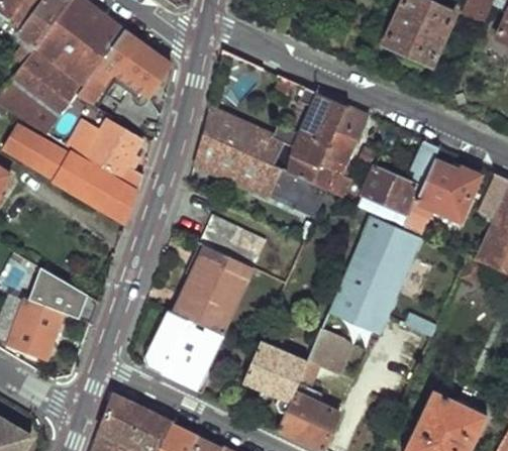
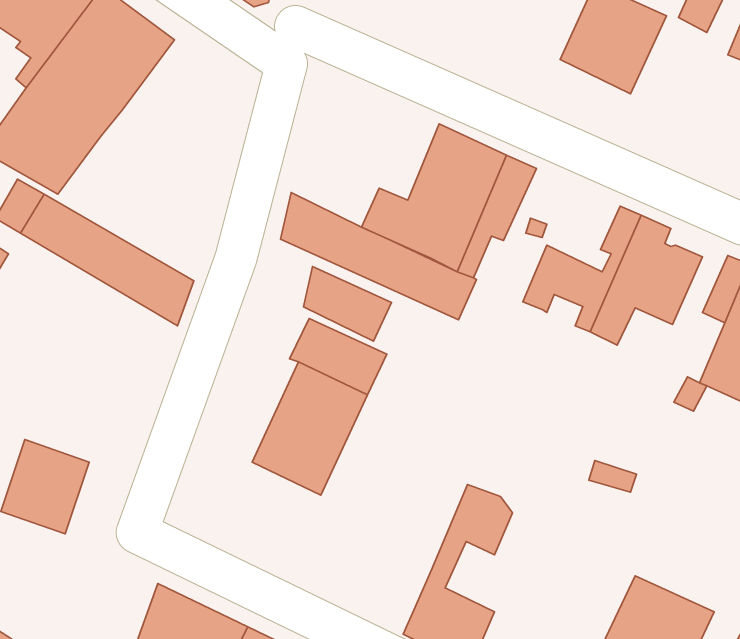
building: [88,29,170,96] -> none
building: [202,105,262,155] -> [303,266,392,341]
building: [65,118,141,187] -> none
building: [328,215,418,333] -> none
building: [32,268,98,317] -> none
building: [142,310,222,391] -> none
building: [242,341,301,414] -> none

